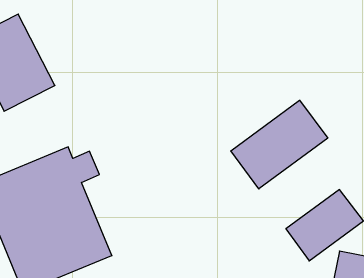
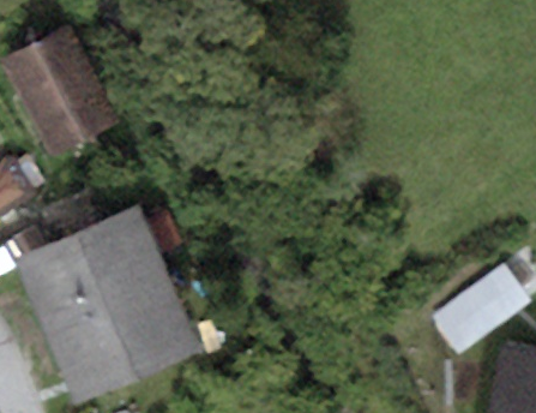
building: [231,100,328,189] -> none

